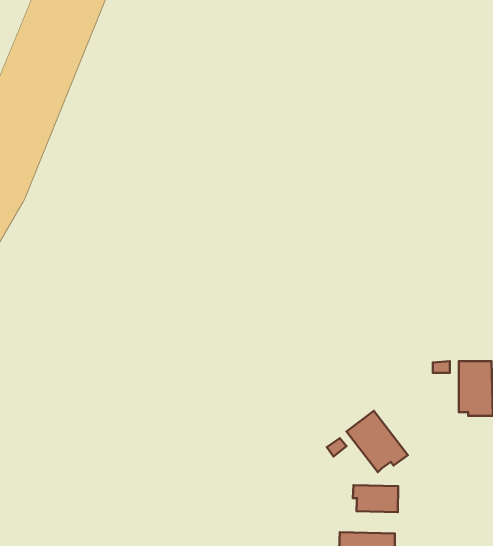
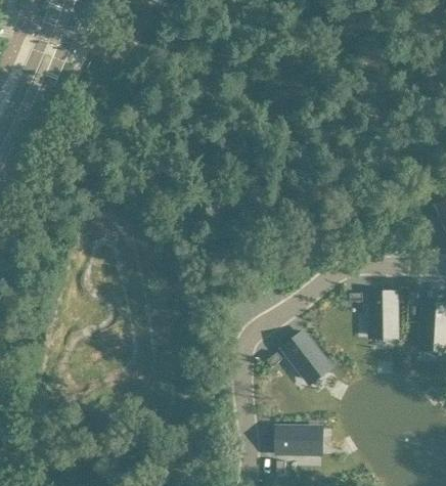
building: [353,485,398,512] -> none

